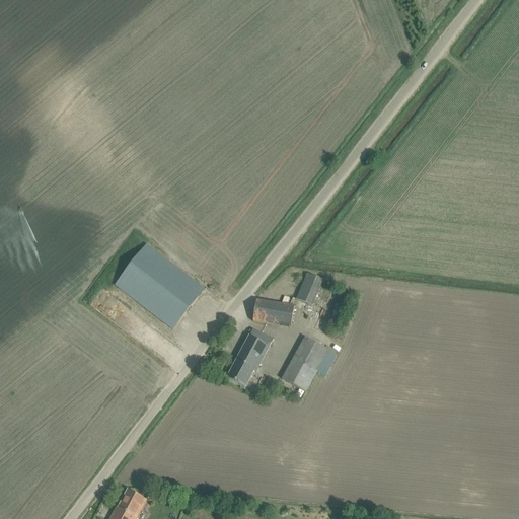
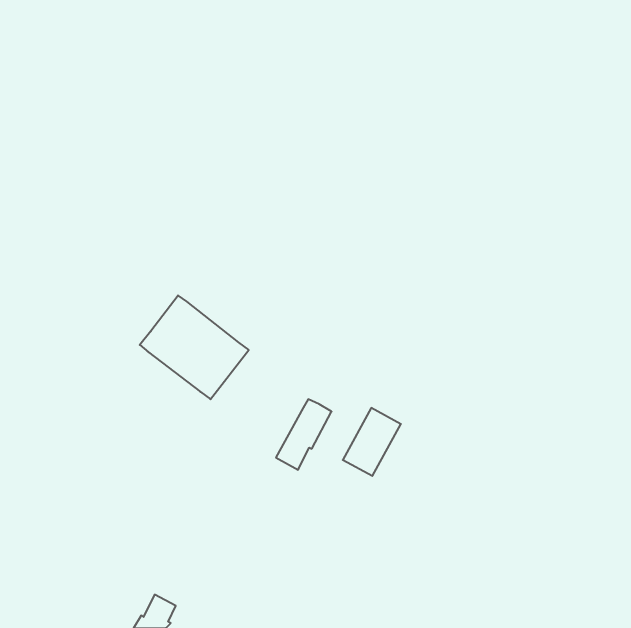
building: [295,272,321,304] -> none
building: [252,298,294,325] -> none

